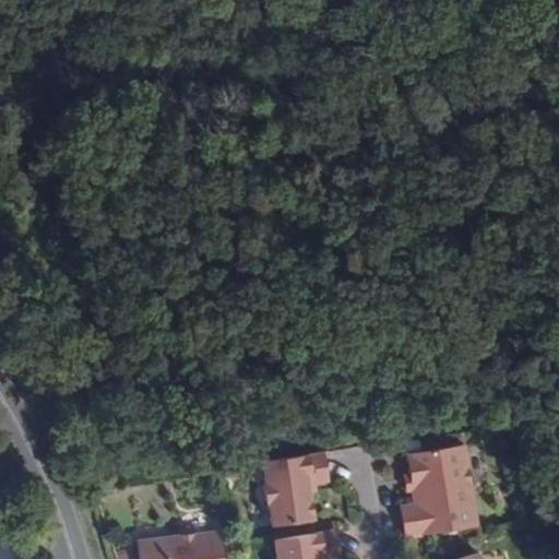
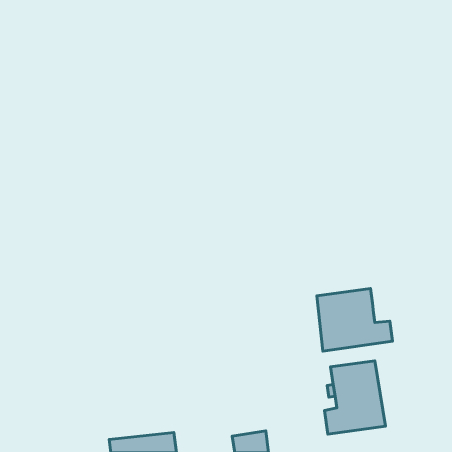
building: none -> [317,288,393,351]
building: [275,454,345,525] -> none

